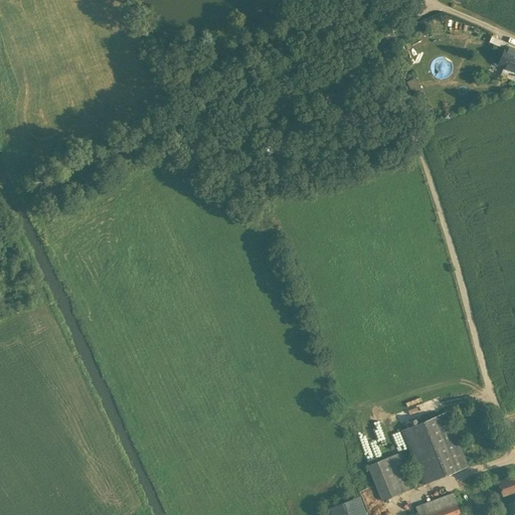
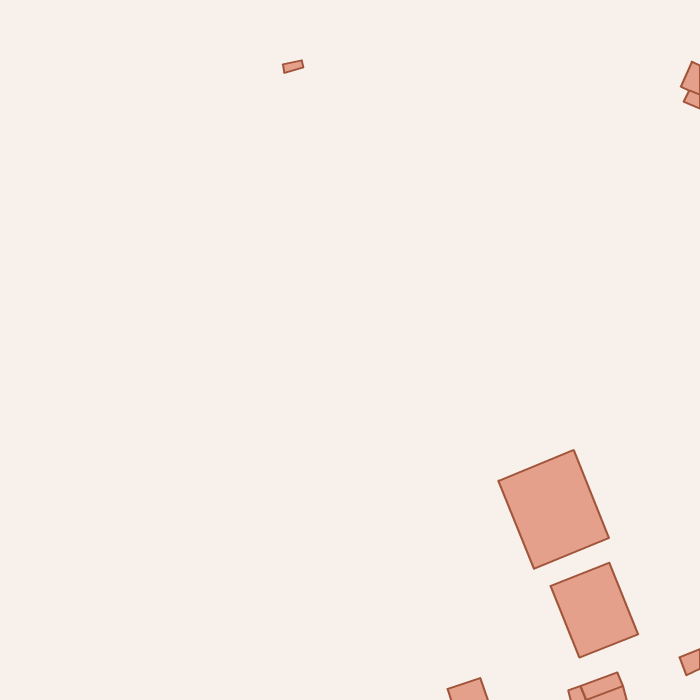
building: none -> [498,450,609,569]
building: [367,453,415,501] -> none

